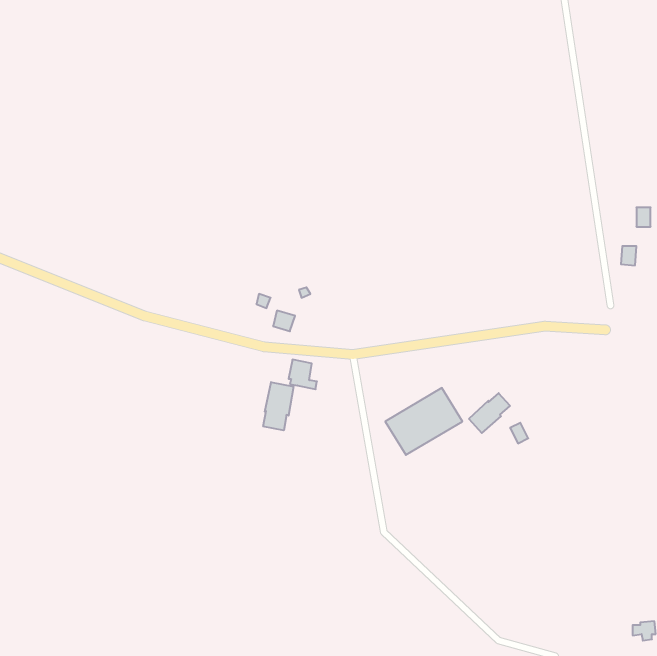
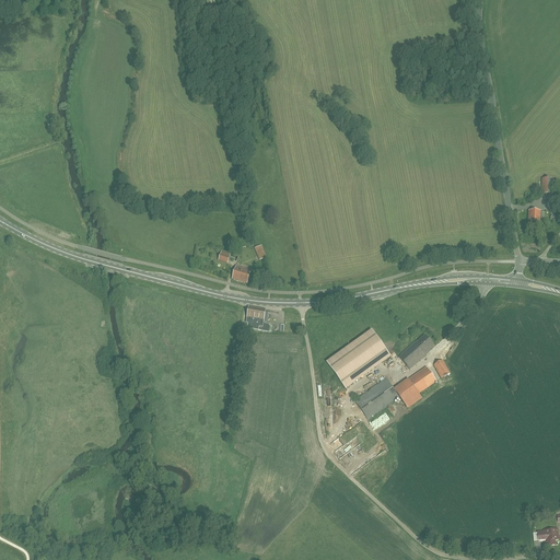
building: [263,382,294,430] -> none
building: none -> [353,365,435,418]

